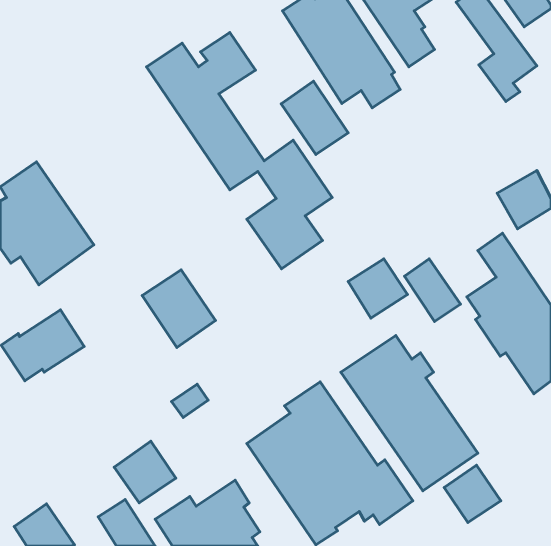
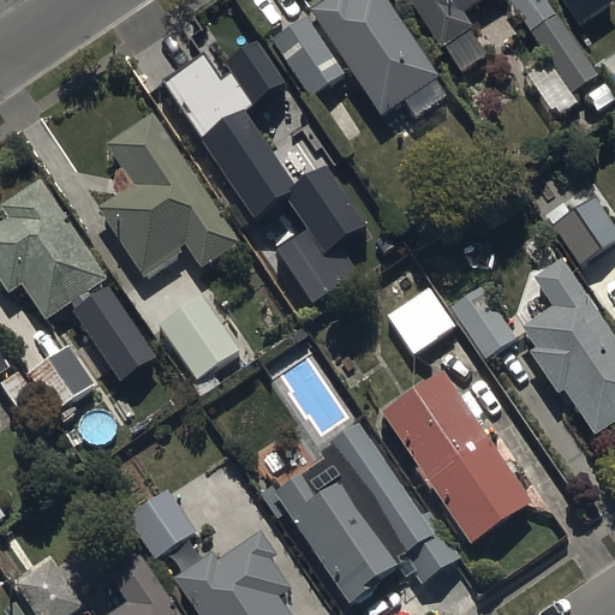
building: [281,81,348,155] -> [271,17,346,98]
building: none -> [100,114,239,275]
building: none -> [72,281,156,376]
building: [444,465,501,523] -> none

